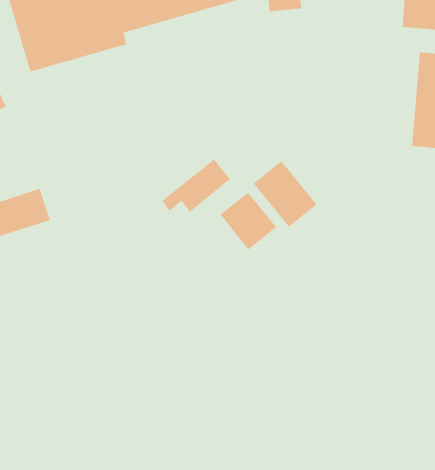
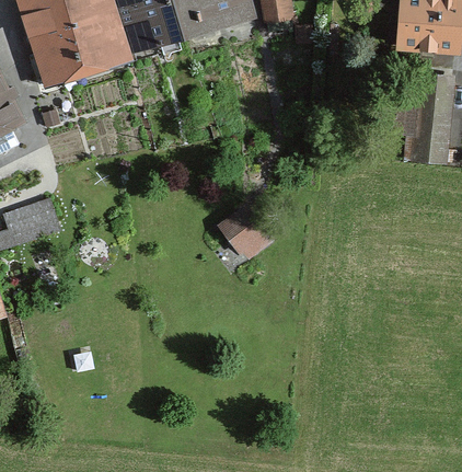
building: [161,158,231,213] -> none
building: [253,160,317,228] -> none

